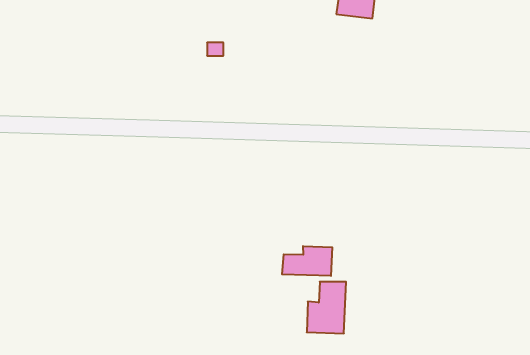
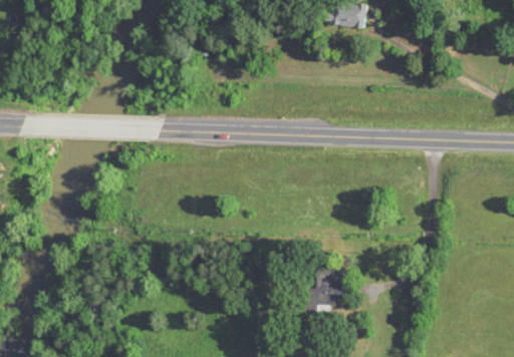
building: [282,246,332,276] -> none

